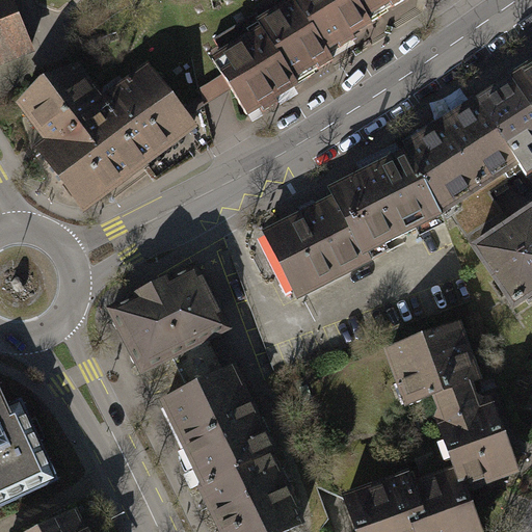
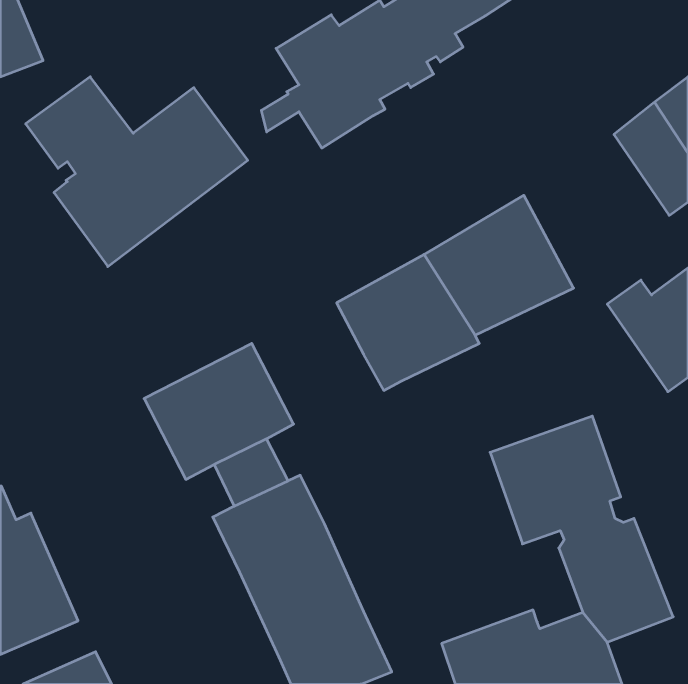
building: [404,104,516,212] -> none

